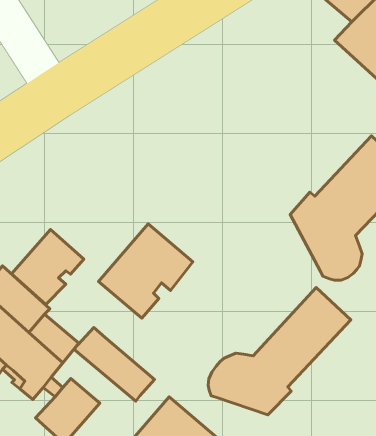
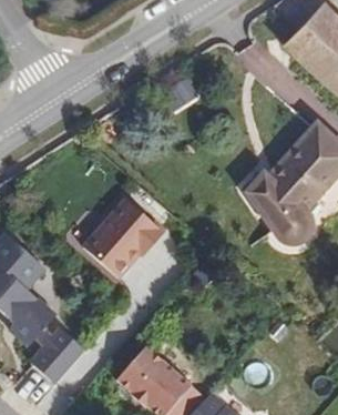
building: [11,229,84,304] -> none
building: [208,288,351,415] -> none
building: [74,328,154,401] -> none

